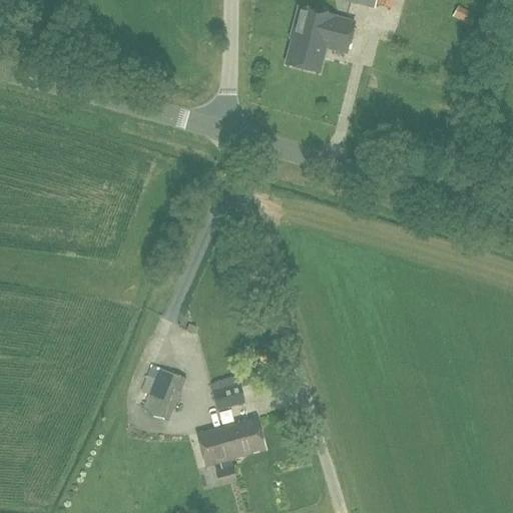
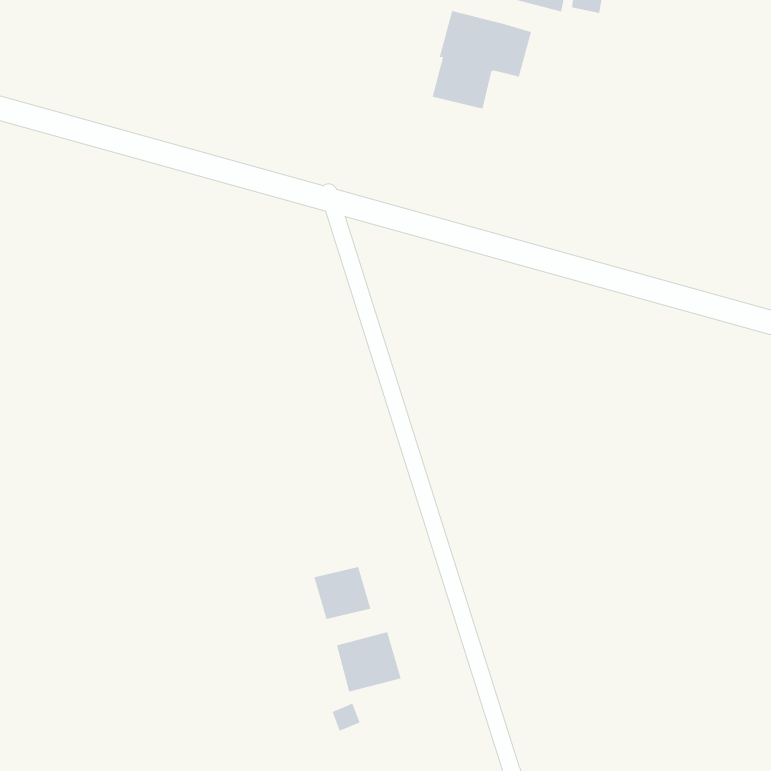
building: [143,365,187,417] -> none
building: [196,427,230,465] -> none

